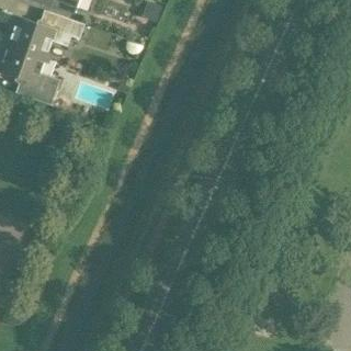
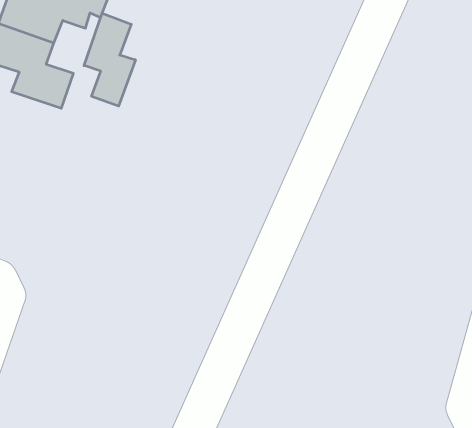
building: none -> [84,13,135,106]

